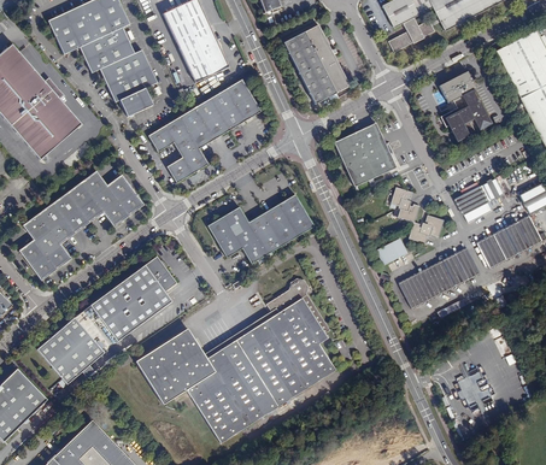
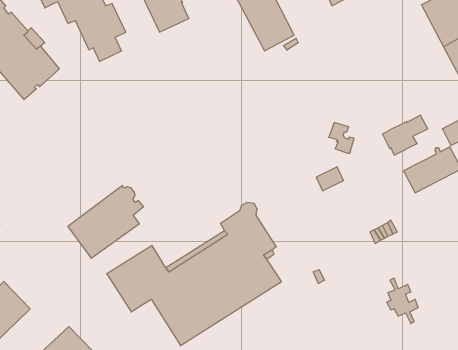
building: [439,70,491,140] -> none
building: [147,78,260,183] -> none
building: [334,122,397,187] -> none
building: [20,170,145,278] -> none
building: [205,193,312,263] -> none
building: [407,213,442,242] -> none
building: [397,246,479,307] -> none
building: [36,317,104,384] -> none

